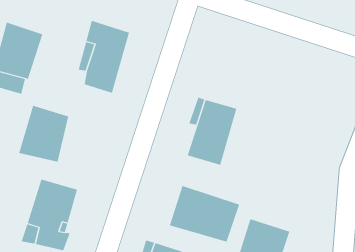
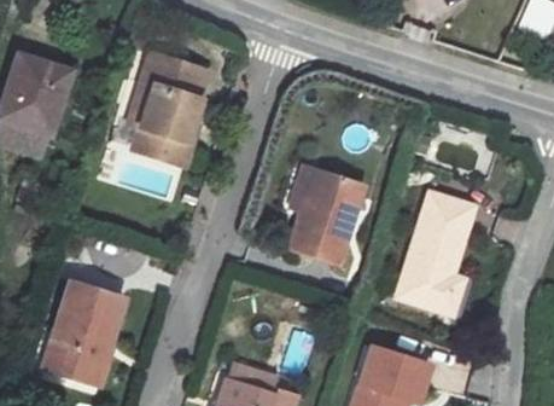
building: [19,105,69,163] -> none
building: none -> [400,192,476,309]
building: [169,185,240,242] -> none

